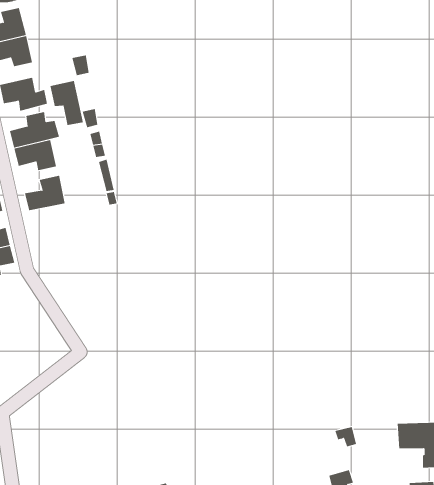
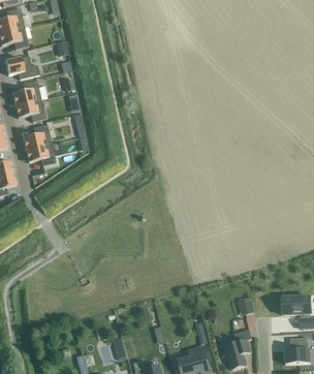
building: [50,80,83,126] -> none
building: none -> [25,144,55,165]

